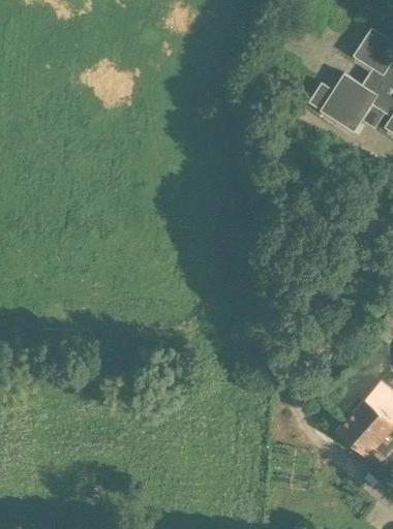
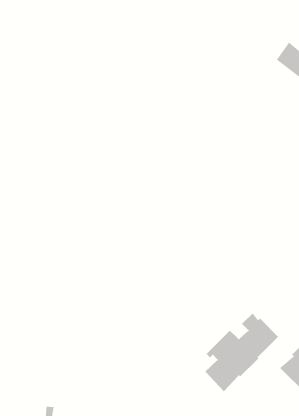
building: none -> [205,313,279,392]

